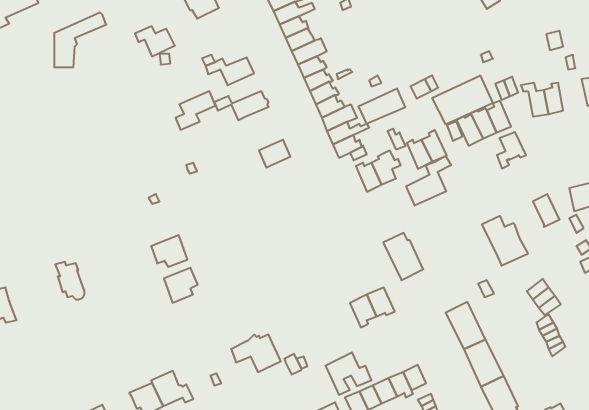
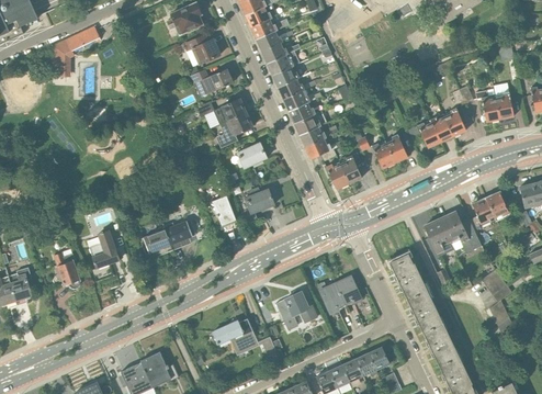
building: [135,26,175,57] -> [184,35,221,63]
building: [432,75,493,124] -> none
building: [358,88,405,124] -> none
building: [176,91,216,130] -> [216,112,252,147]
building: [497,132,526,168] -> [470,198,496,230]
building: [406,156,451,206] -> none
building: none -> [237,187,274,224]
building: none -> [213,194,236,226]
building: none -> [425,218,454,256]
building: [383,233,423,280] -> [391,256,427,299]
building: none -> [89,229,120,268]
building: [164,268,198,303] -> [166,218,196,250]
building: none -> [9,267,32,305]
building: [325,352,371,395] -> [276,291,318,329]

